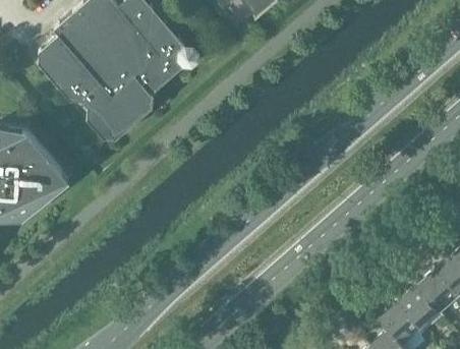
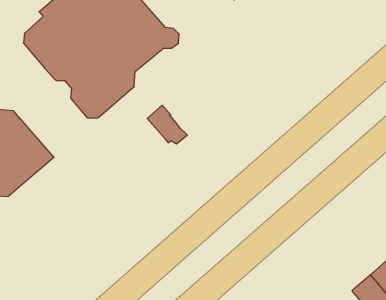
building: none -> [147,105,187,144]

